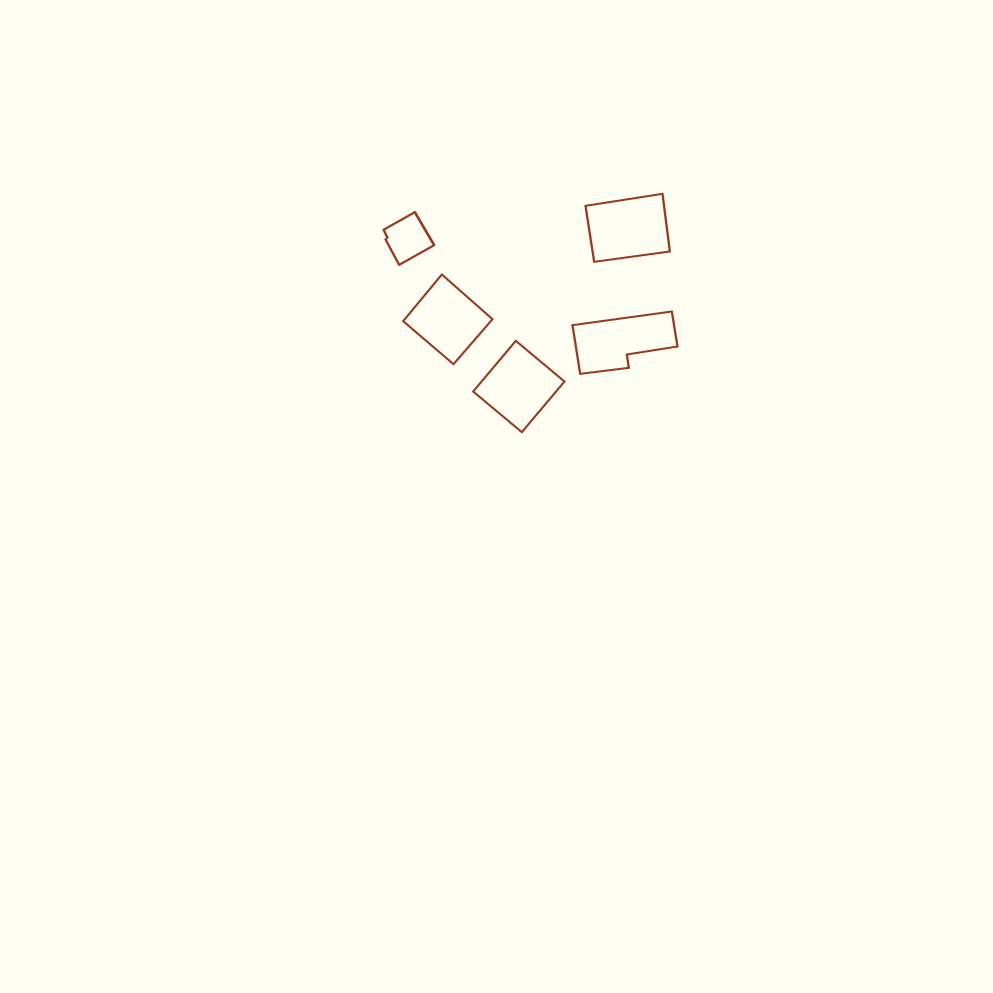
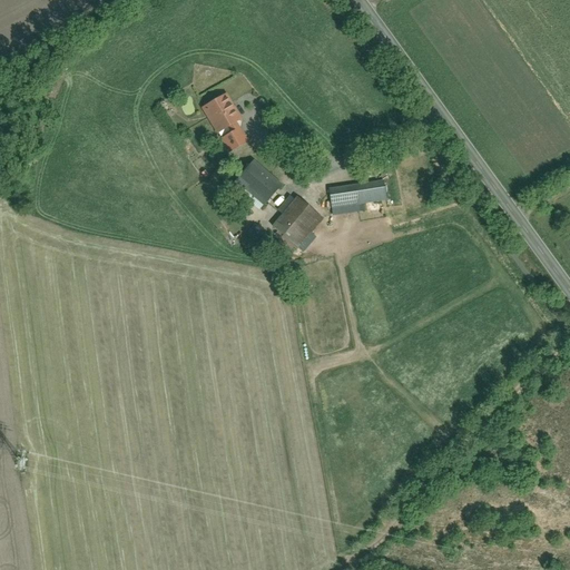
building: none -> [202,91,244,134]
building: [585,194,670,262] -> none

